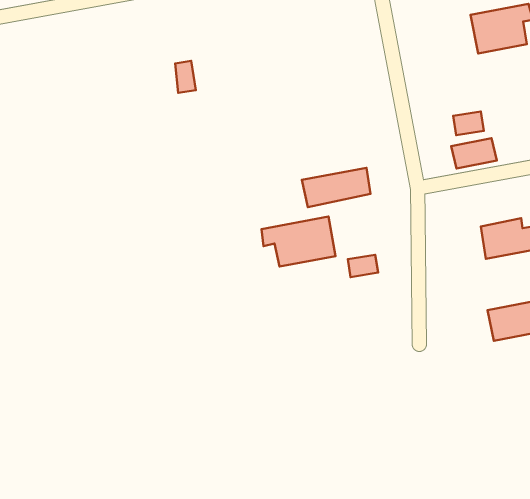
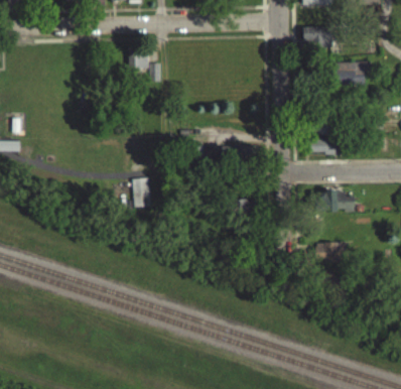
building: none -> [129,51,147,77]
building: [262,217,335,267] -> none
building: none -> [133,178,150,208]

